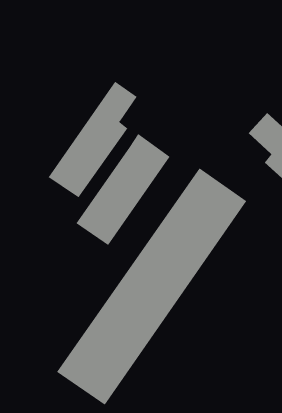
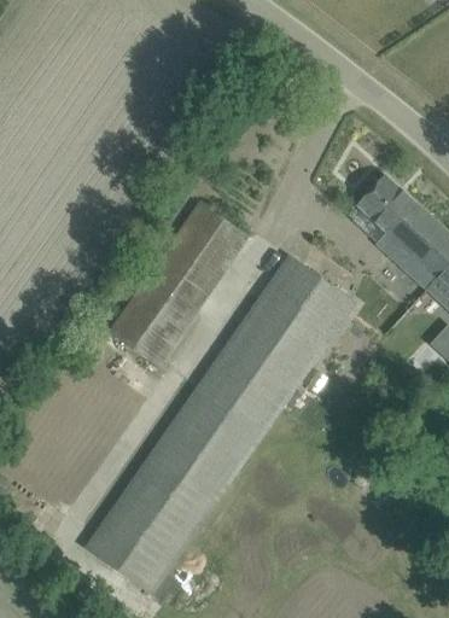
building: [48,81,138,198] -> none

